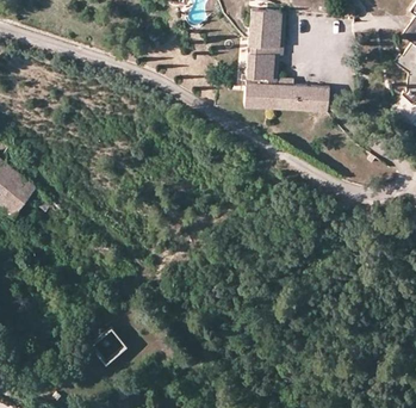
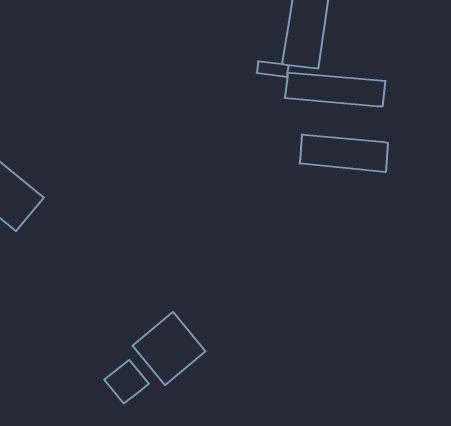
building: none -> [300,134,388,172]
building: none -> [133,312,206,385]

